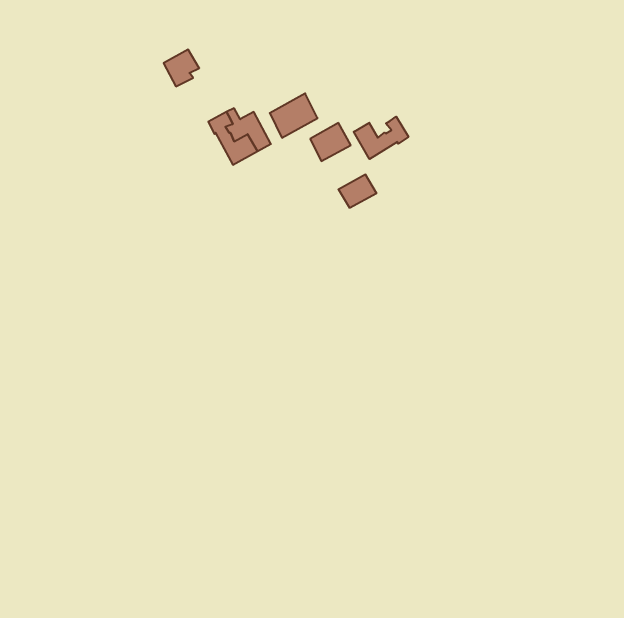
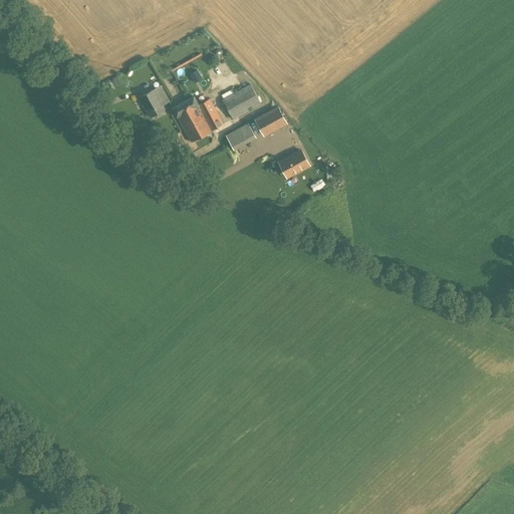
building: [164,50,199,86] -> [140,86,169,116]
building: [354,117,408,159] -> none
building: none -> [226,122,255,147]

